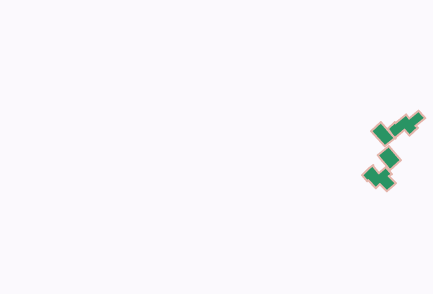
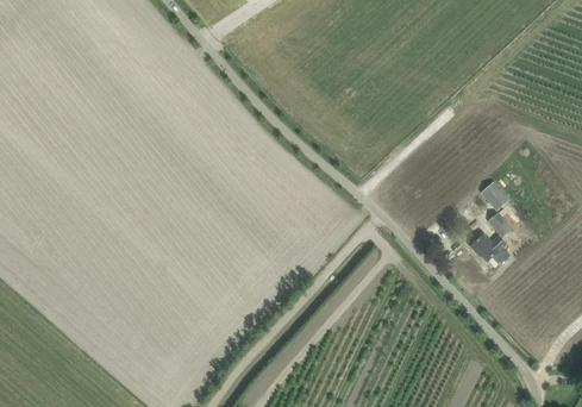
building: [388,111,425,138] -> none

